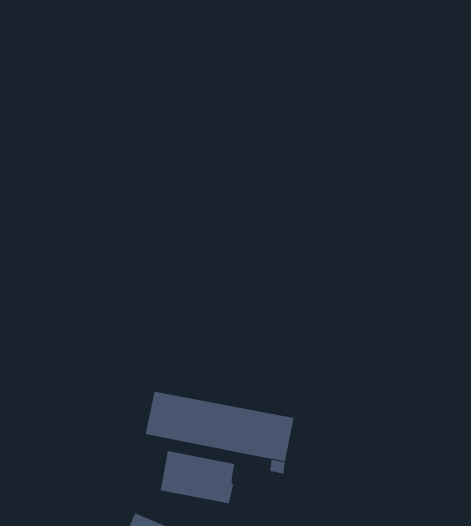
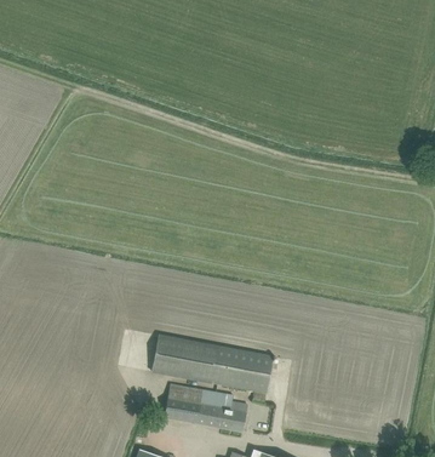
building: none -> [222,395,248,432]

